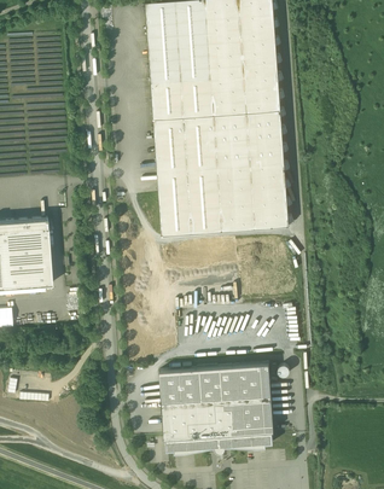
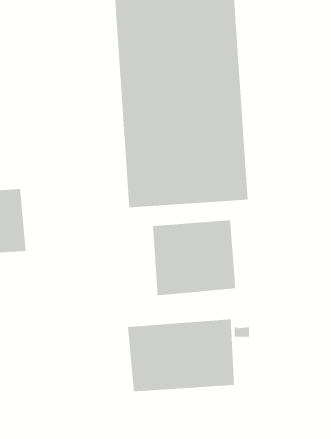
building: none -> [153,219,236,296]
building: [165,426,274,453] -> none

